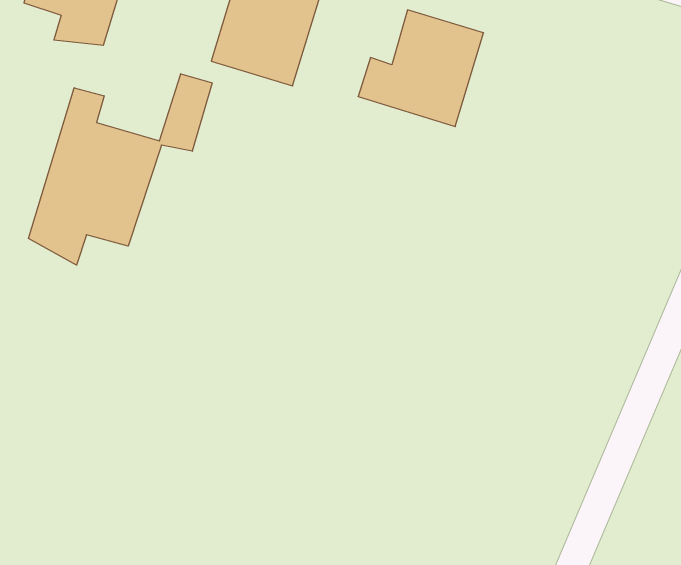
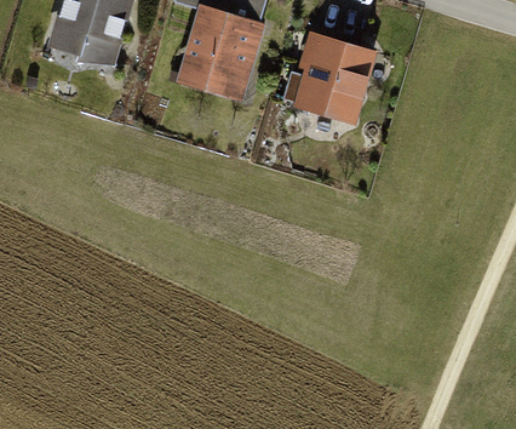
building: [28,74,212,265] -> none

